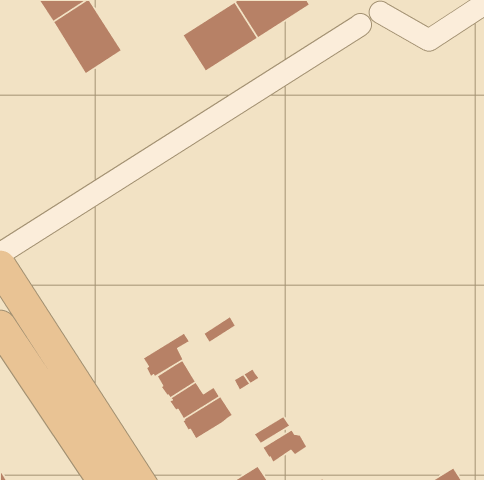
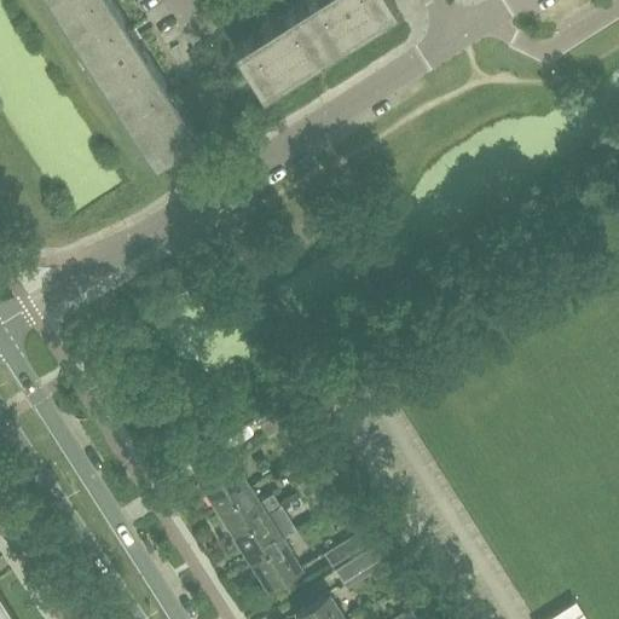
building: none -> [111,73,199,168]
building: [143,332,190,377] -> none
building: none -> [251,545,302,594]

